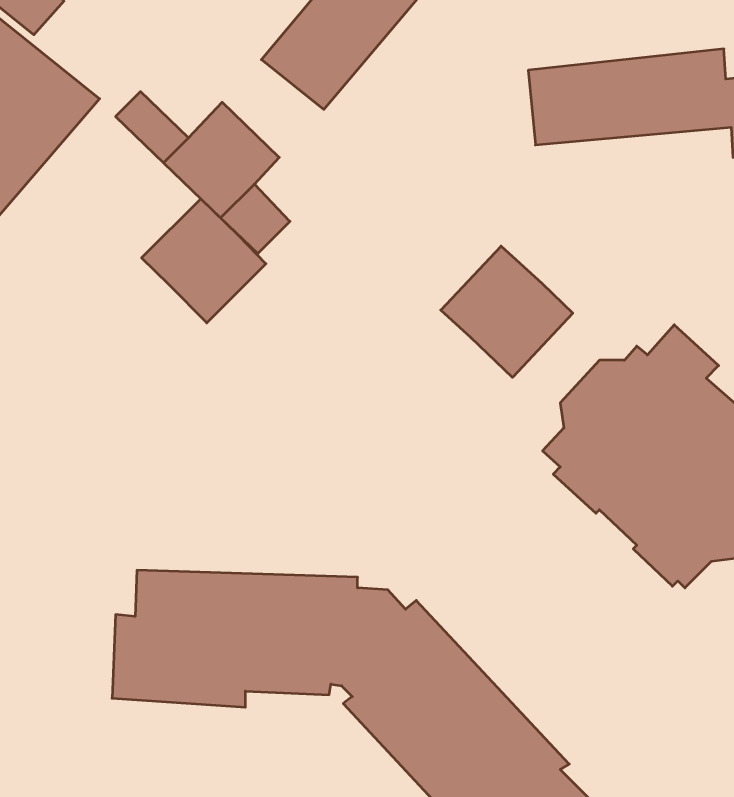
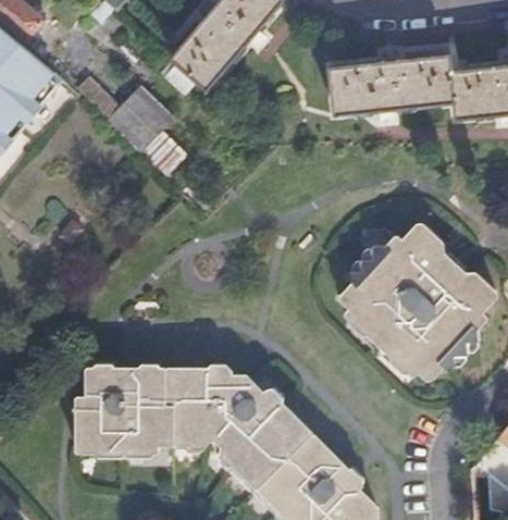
building: [142,199,266,323] -> none
building: [441,246,573,377] -> none

